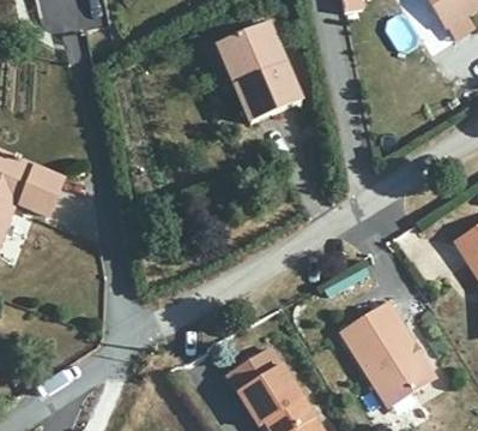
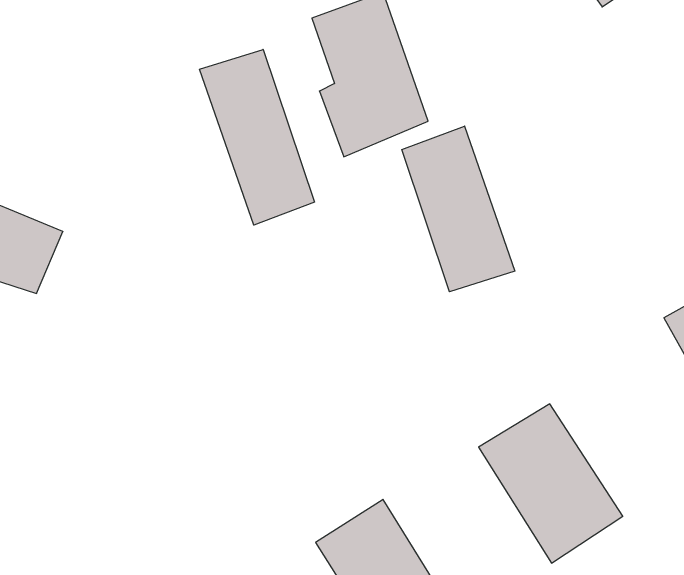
building: none -> [200,49,314,225]
building: none -> [402,126,515,292]

